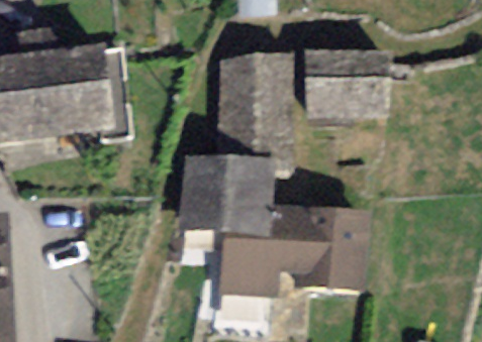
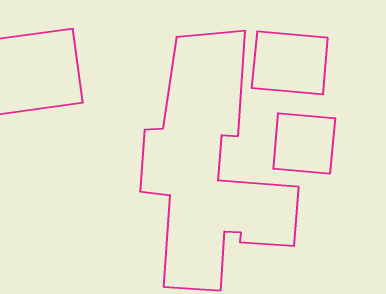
building: none -> [273,113,335,174]

